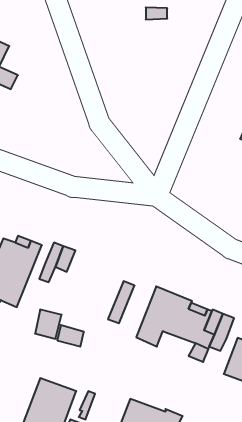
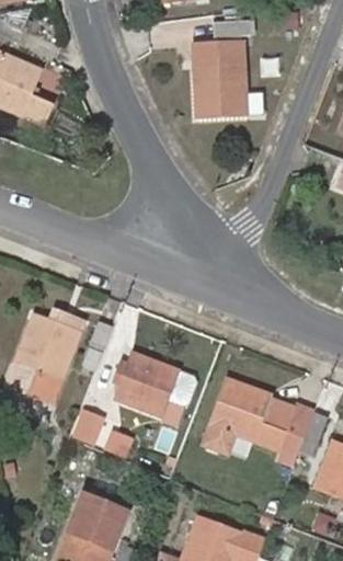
building: none -> [193,41,245,116]
building: none -> [113,353,179,415]

